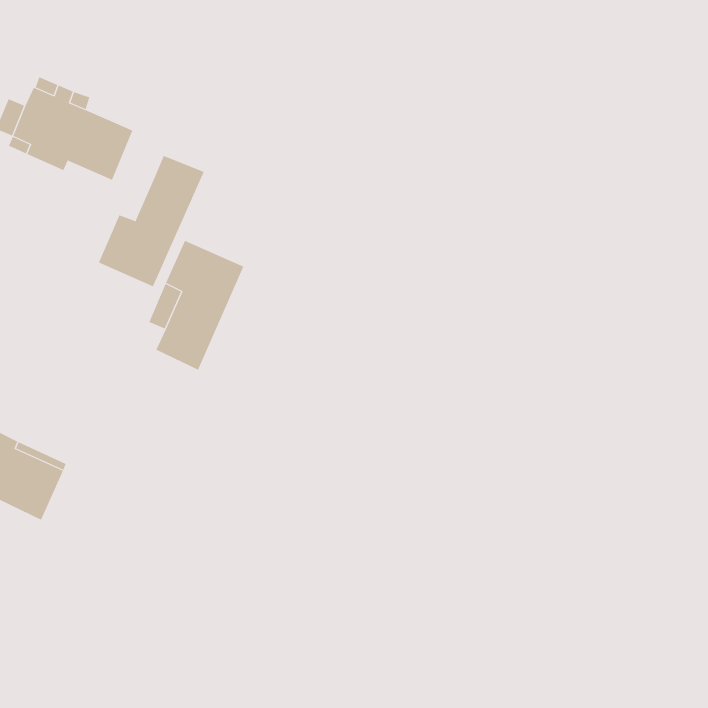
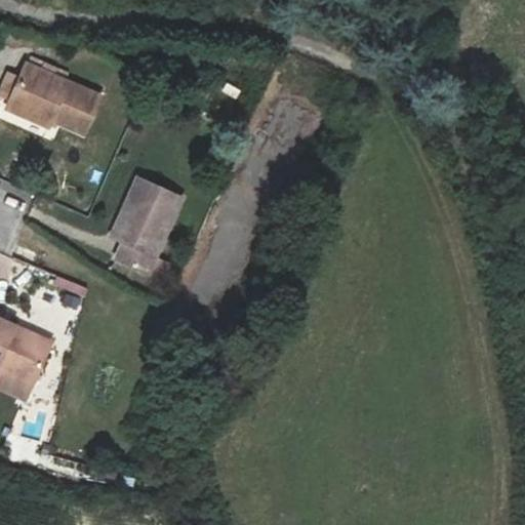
building: [98,155,205,287] -> none

